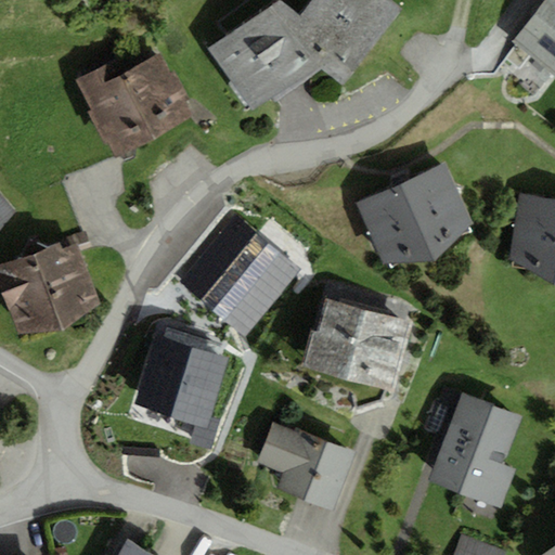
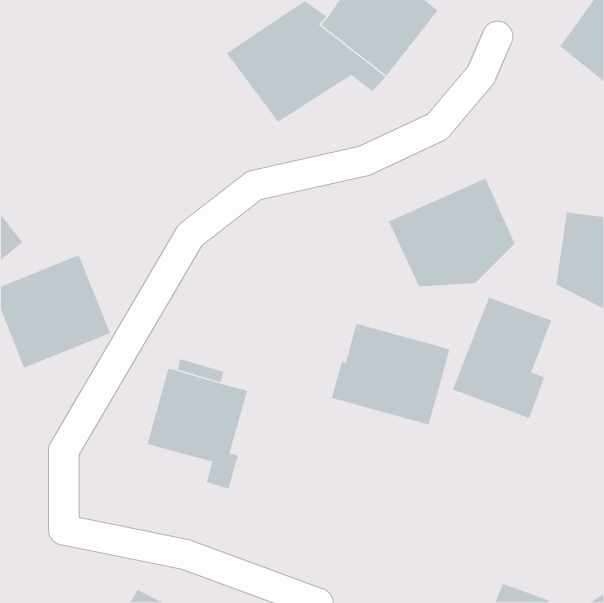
building: [77,54,195,157] -> none
building: [201,230,299,336] -> none
building: [429,395,521,507] -> [452,296,552,419]
building: [256,423,356,508] -> none

